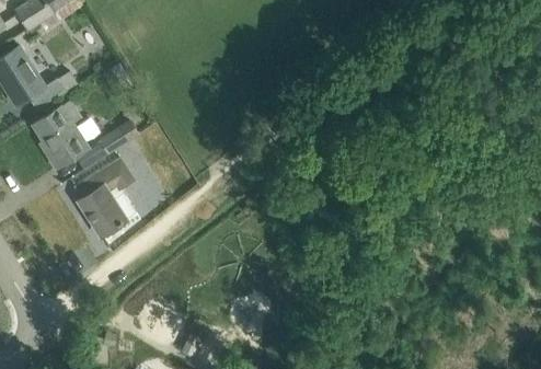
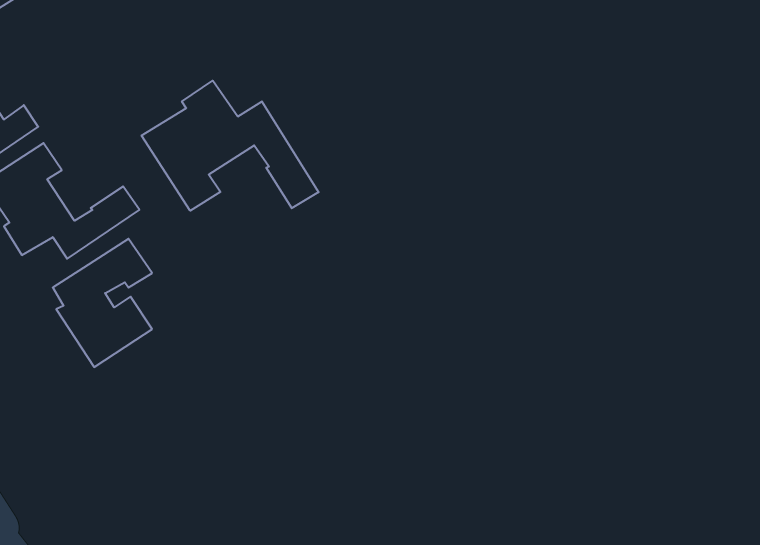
building: none -> [142,81,319,211]

